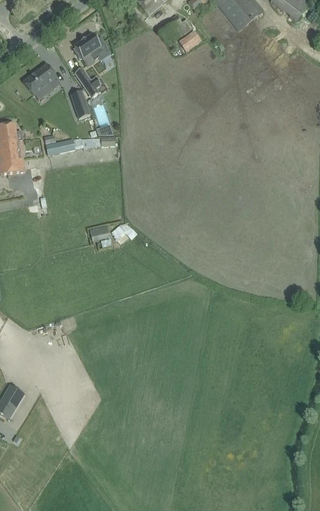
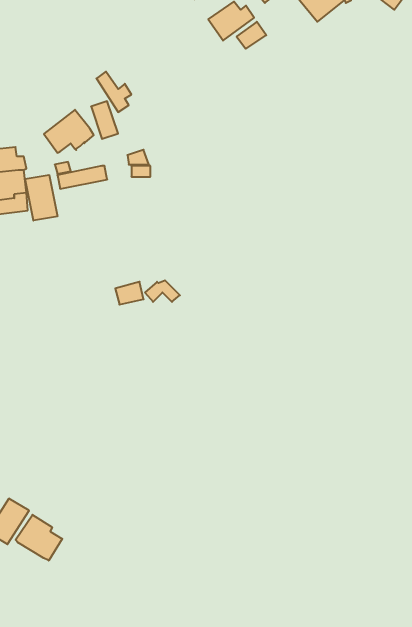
building: [74,33,110,59] -> none
building: [23,63,60,95] -> [44,110,94,153]
building: none -> [25,175,57,221]
building: none -> [16,515,62,561]

